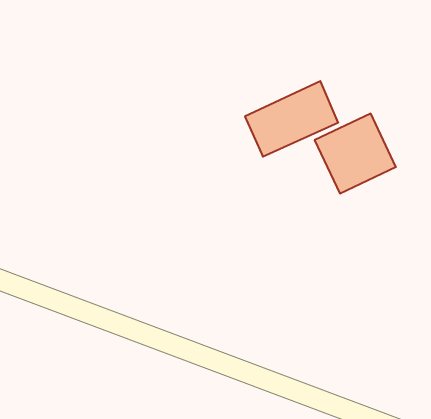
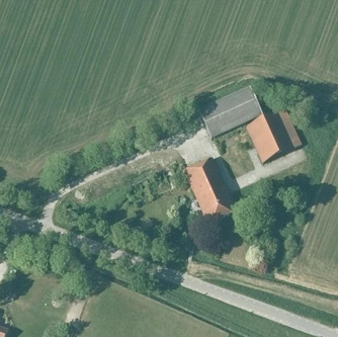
building: none -> [184,157,236,223]

